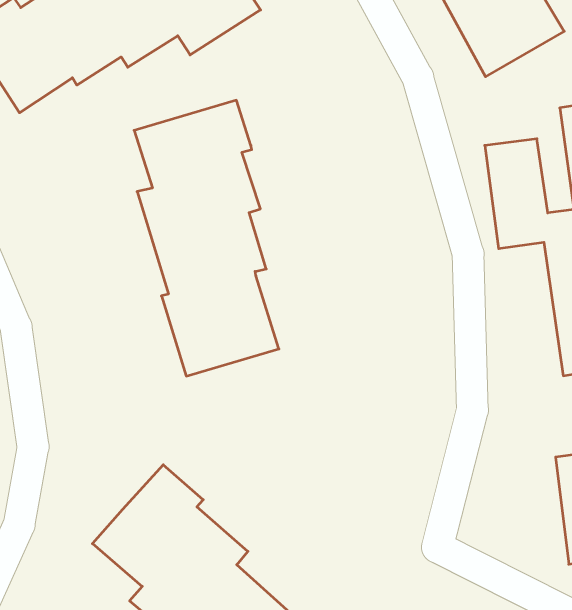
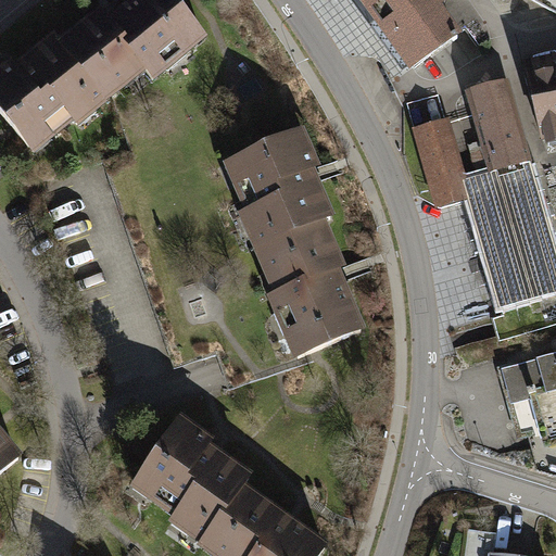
building: [134,100,279,376] -> [228,130,367,357]

